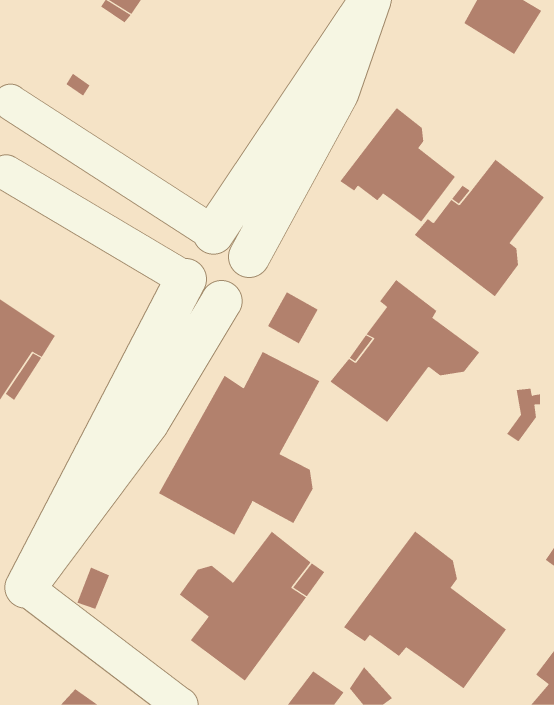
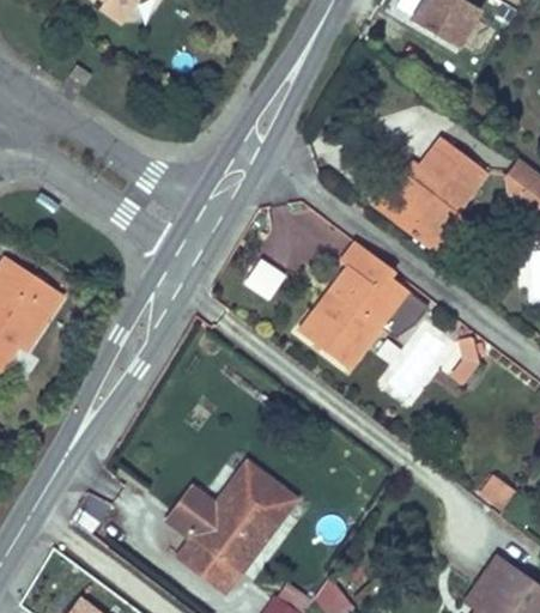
building: [340,107,456,223] -> none
building: [158,351,320,536] -> none
building: [343,531,507,689] -> none

